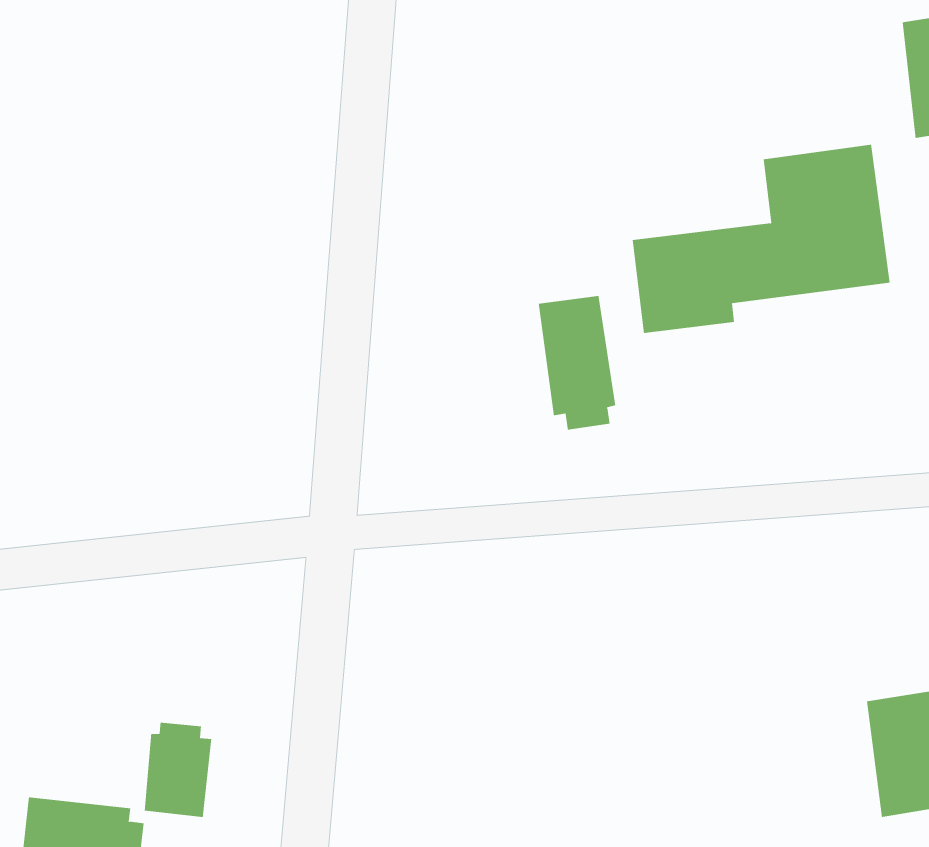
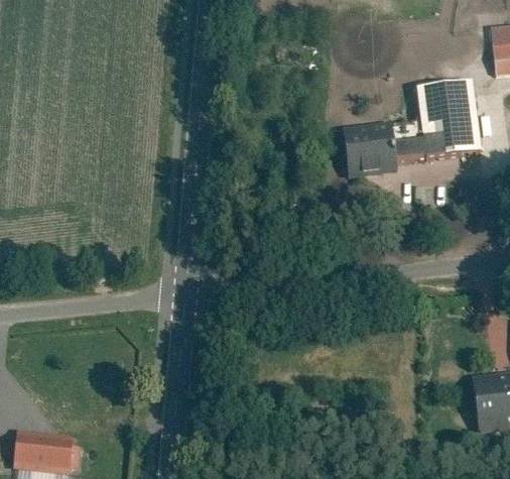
building: [538,295,616,431] -> none
building: [144,722,212,818] -> none

